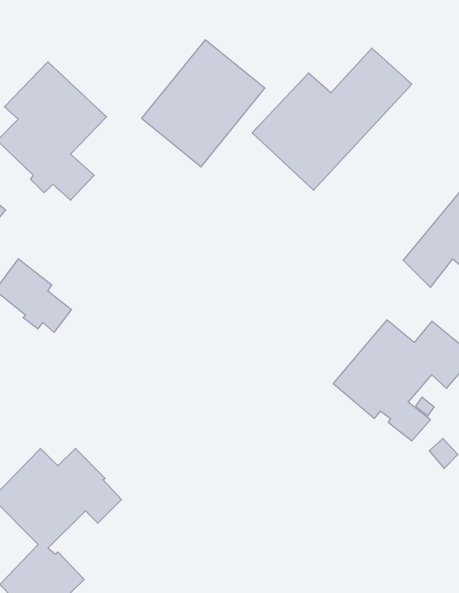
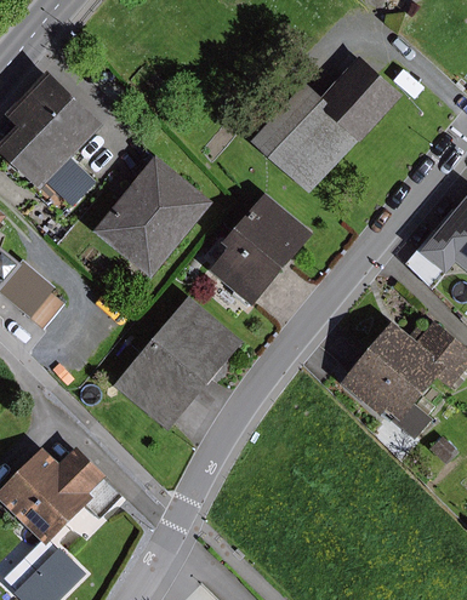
building: [142,40,265,167] -> [96,154,216,278]
building: none -> [212,192,315,304]
building: none -> [115,295,245,430]

